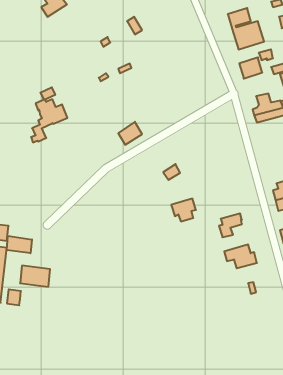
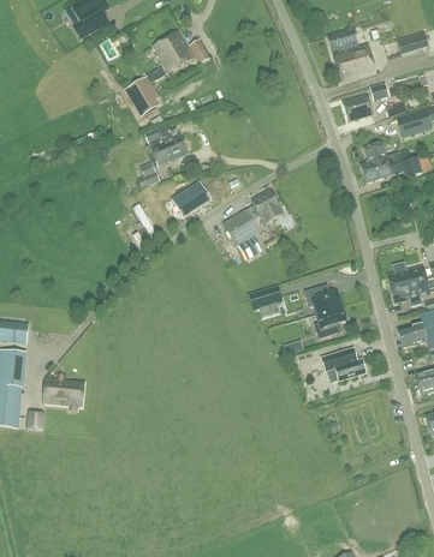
building: none -> [151,30,192,72]
building: none -> [124,76,160,116]
building: [31,99,67,142] -> [138,127,188,186]
building: none -> [222,191,283,245]
building: none -> [304,287,343,313]
building: [7,236,32,253] -> none

